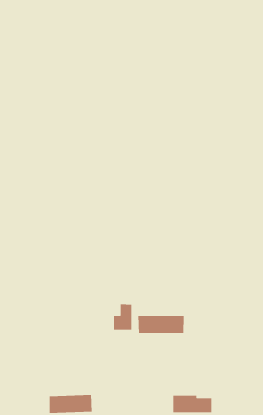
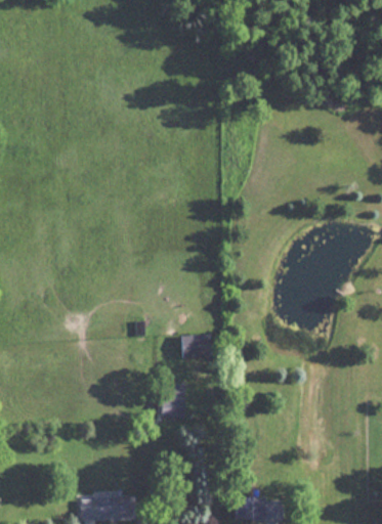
building: none -> [181,335,211,359]
building: [138,315,184,334] -> none

